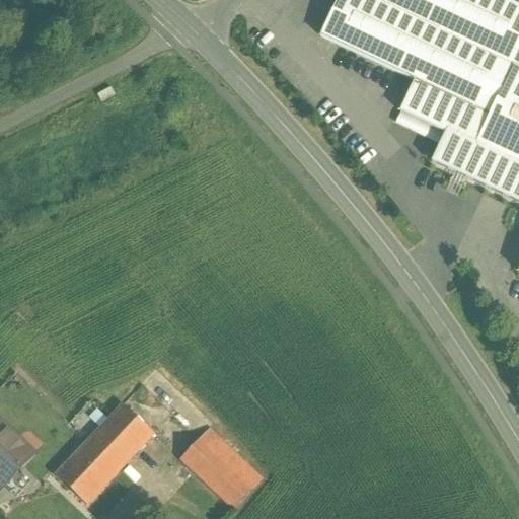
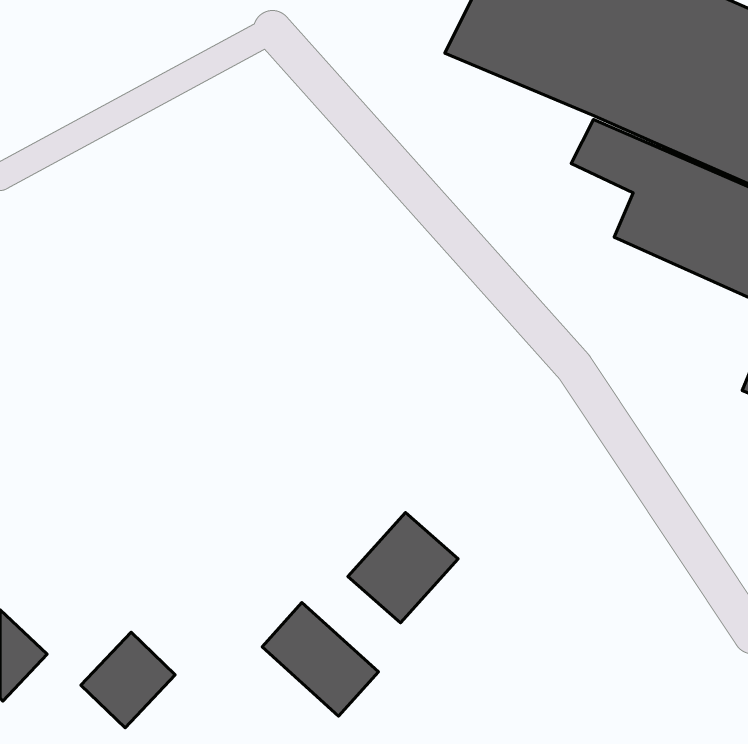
building: none -> [348,512,458,623]
building: [93,400,158,464] -> none

